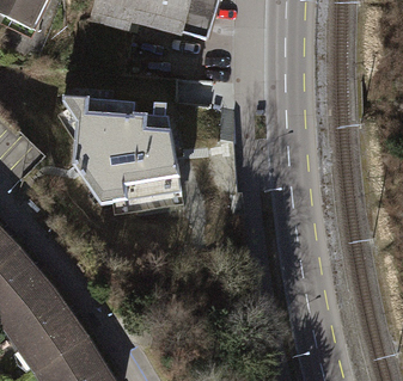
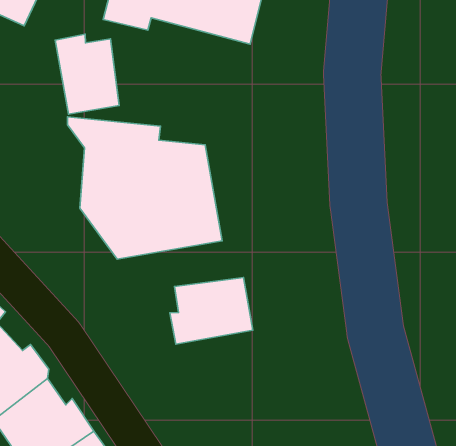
building: none -> [55,34,119,114]
building: none -> [170,278,253,344]

